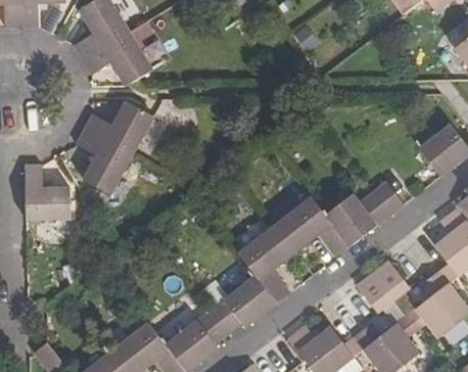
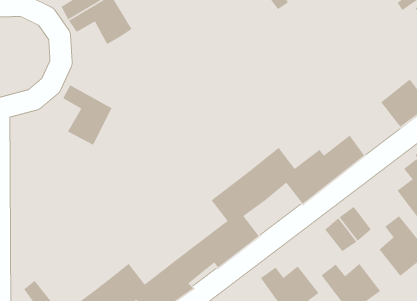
building: [84,100,152,154] -> none
building: [25,165,68,221] -> none

